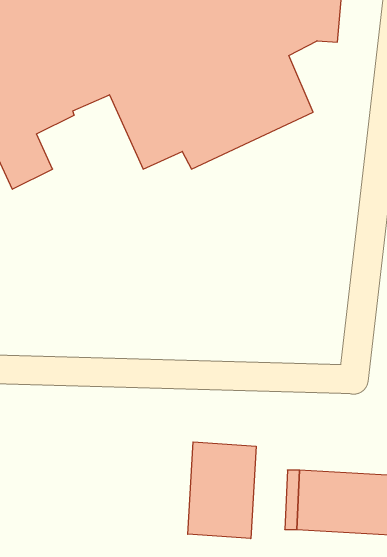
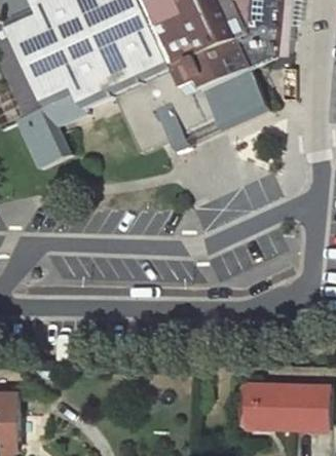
building: [188,442,256,539] -> none

